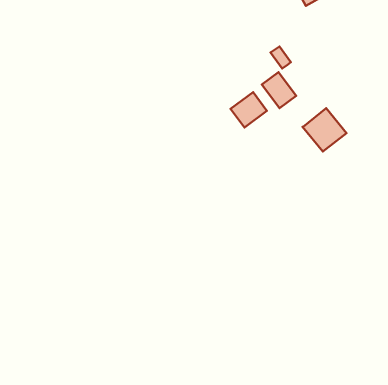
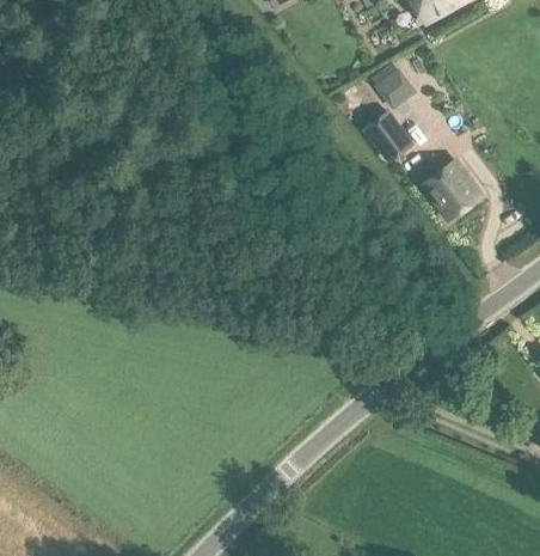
building: [231,92,267,127] -> none

